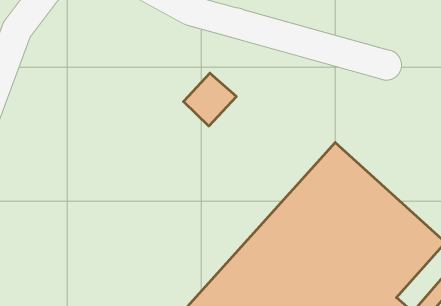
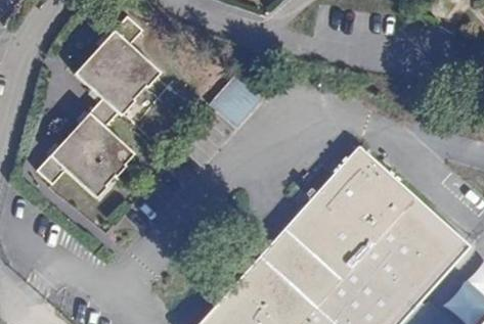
building: none -> [36,17,156,196]

